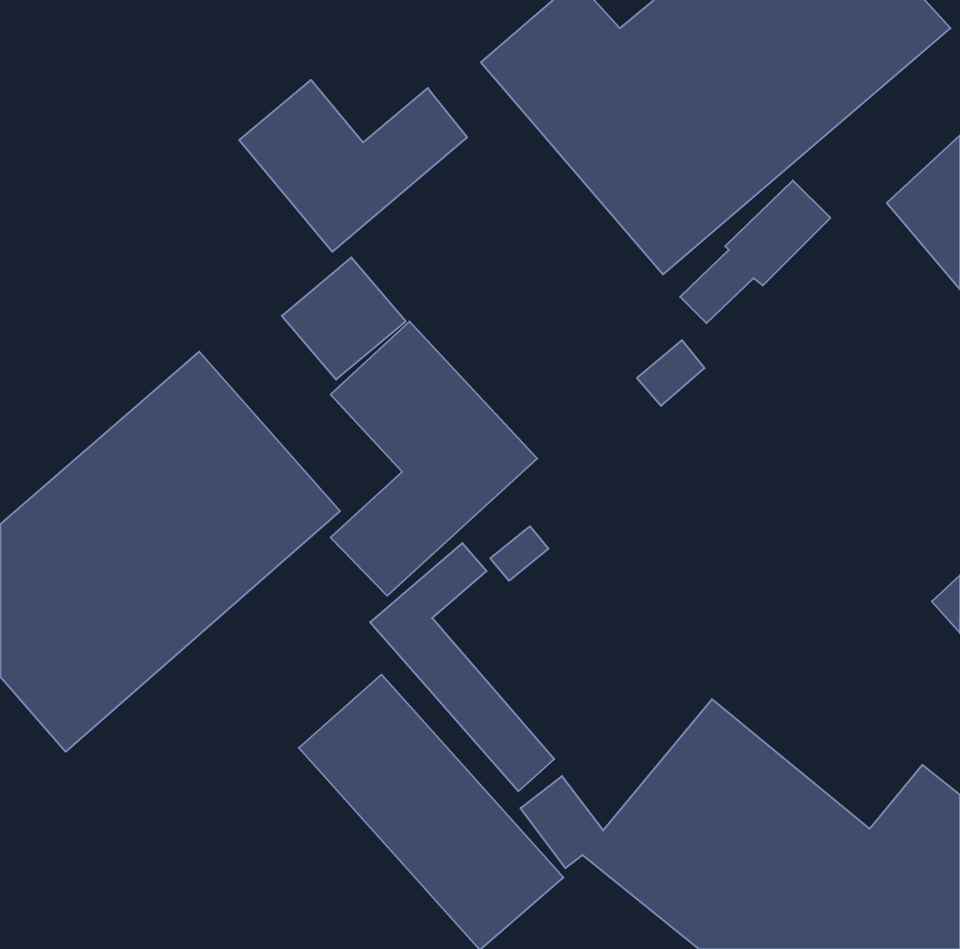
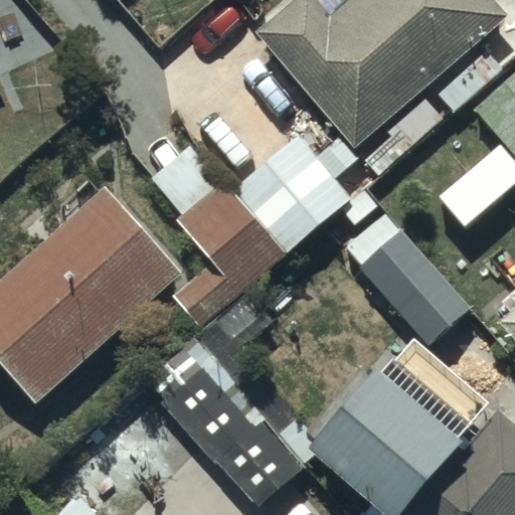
building: [239,80,467,252] -> none
building: none -> [233,109,351,242]
building: none -> [344,211,471,344]

